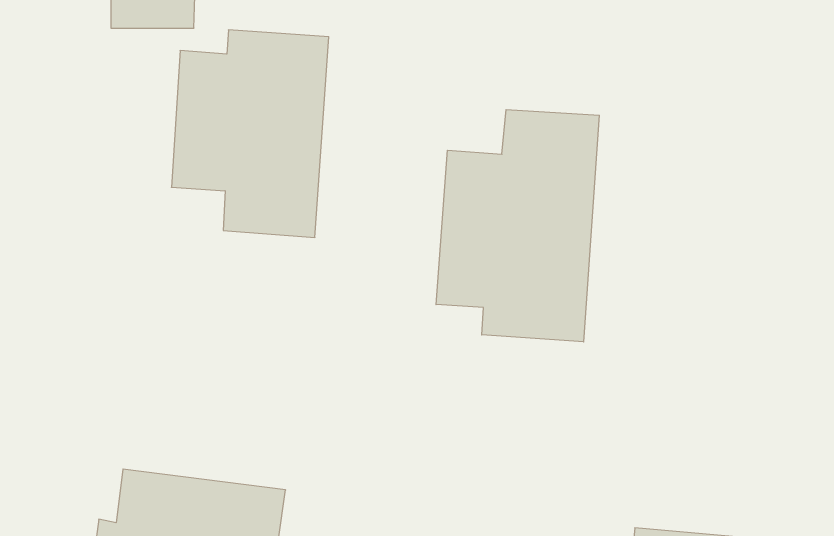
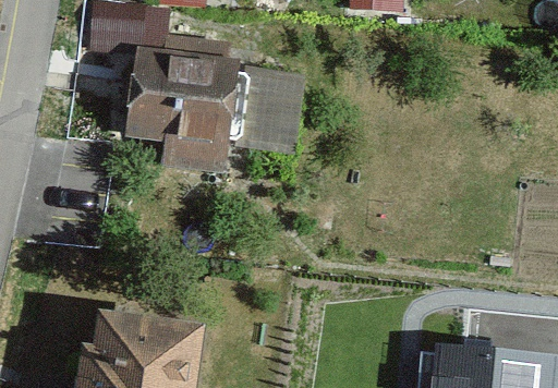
building: [436,110,599,342] -> none

